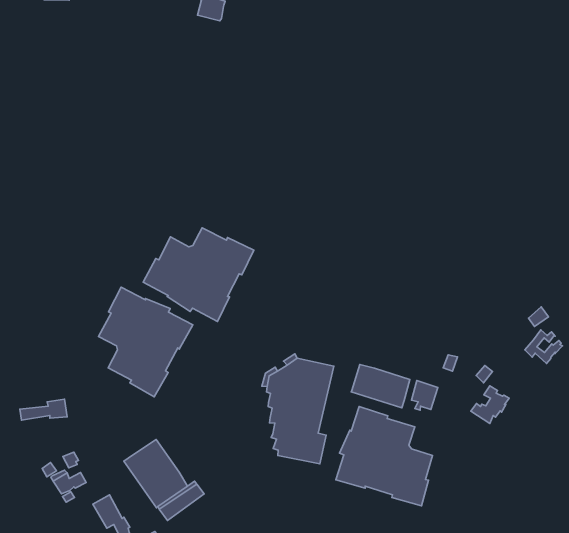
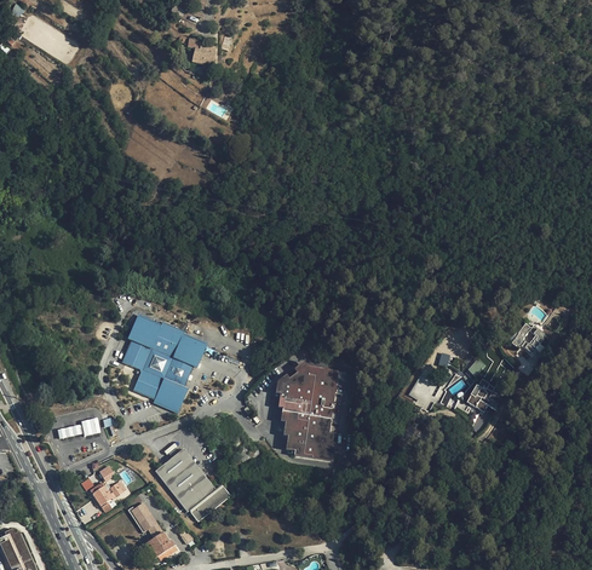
building: [143,228,254,322] -> none
building: [351,364,410,408] -> none
building: [336,406,433,506] -> none

